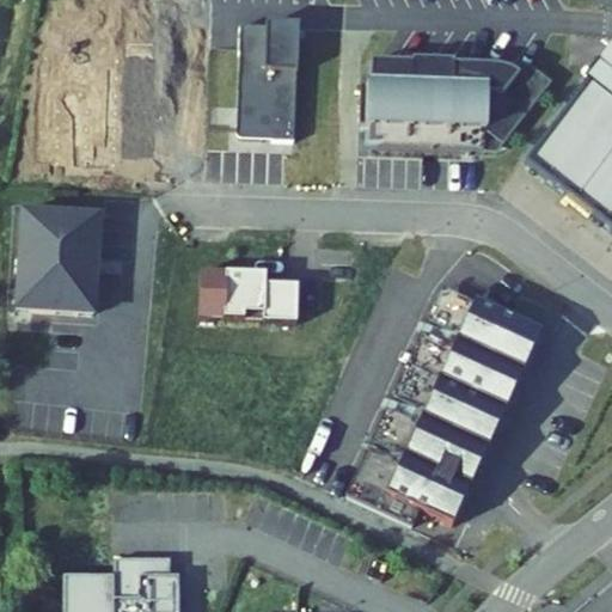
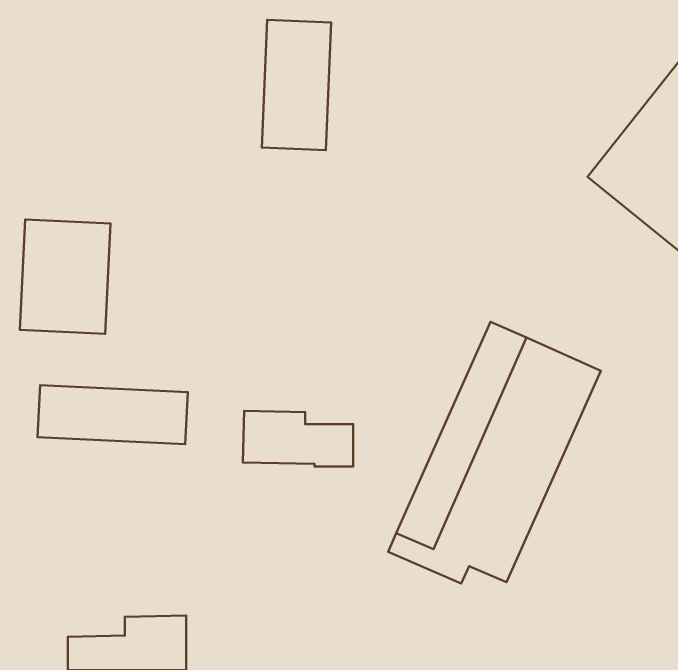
building: [373,56,555,149] -> none
building: [203,271,302,322] -> [243,411,353,467]
building: none -> [38,385,188,444]

